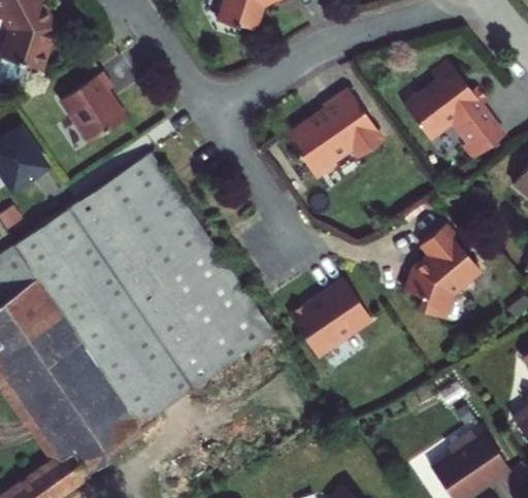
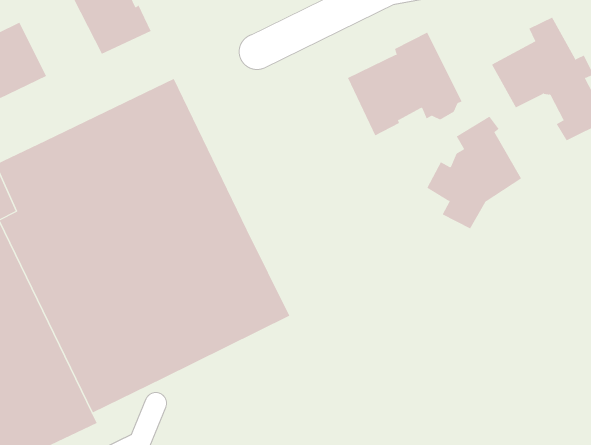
building: [404,221,480,313] -> [426,116,522,229]
building: [292,278,372,357] -> none

